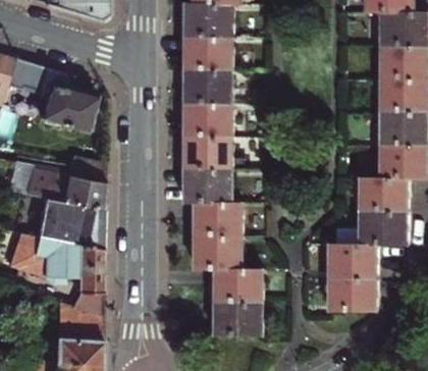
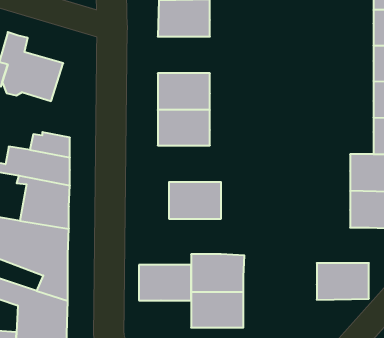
building: [183,69,231,103] -> none
building: [183,169,231,203] -> none
building: [194,236,242,269] -> [139,265,191,300]
building: [329,245,377,277] -> none

